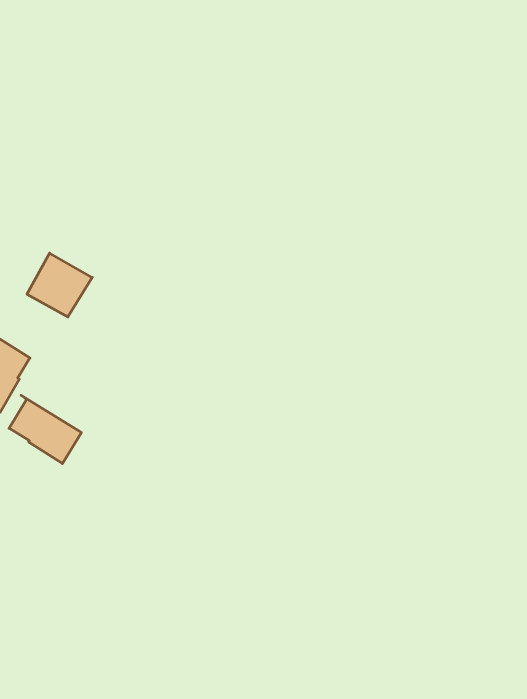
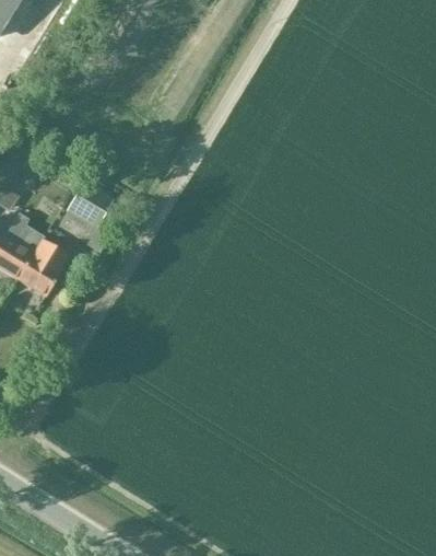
building: [9,395,81,464] -> none

